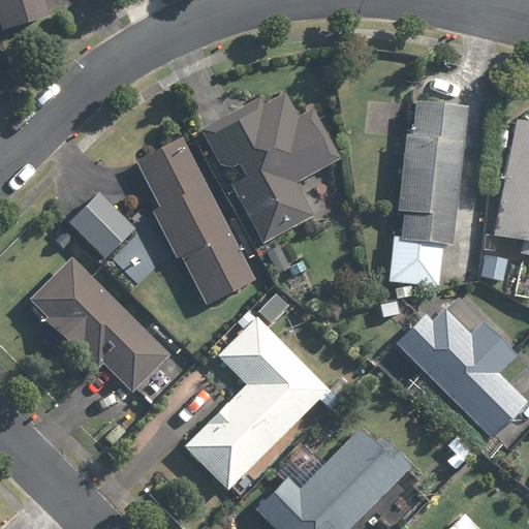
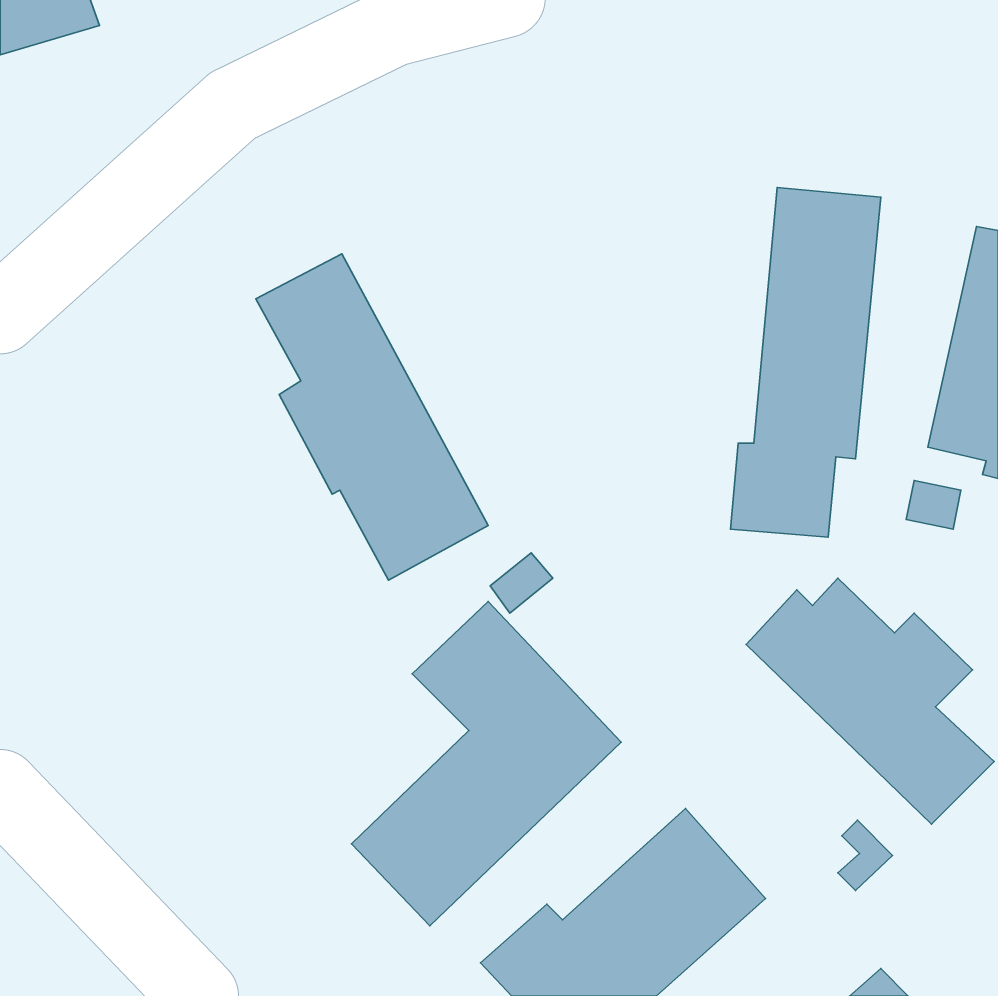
building: [199,91,340,239] -> none
building: [67,190,136,260] -> none
building: [26,257,173,392] -> none

